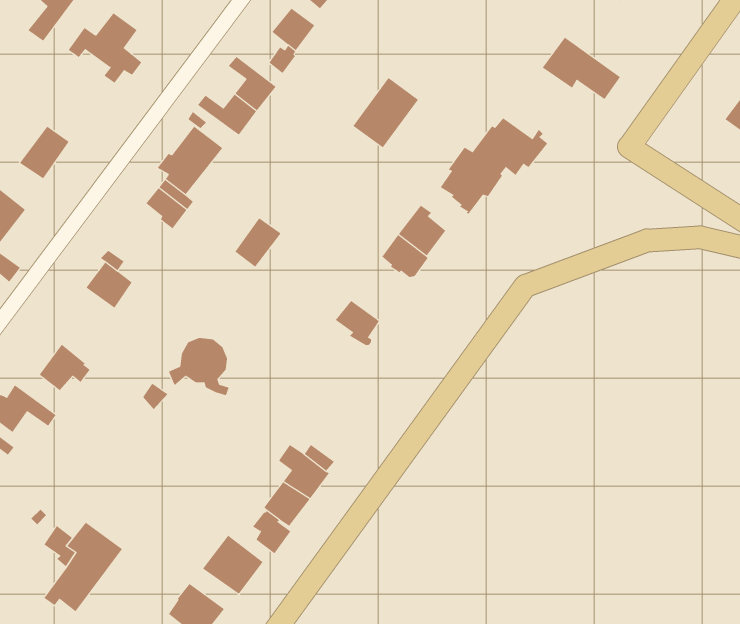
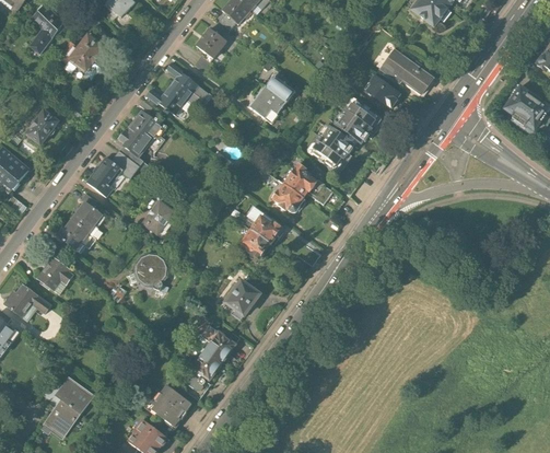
building: none -> [364,72,399,106]
building: none -> [86,159,121,197]
building: [235,217,281,268] -> [140,199,172,233]
building: none -> [249,213,282,242]
building: none -> [57,219,90,251]
building: none -> [221,277,258,314]

